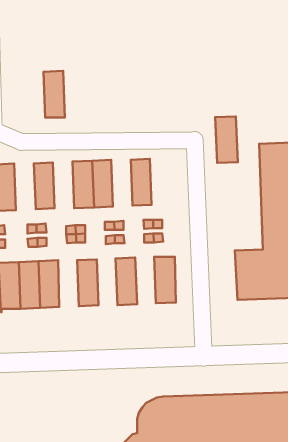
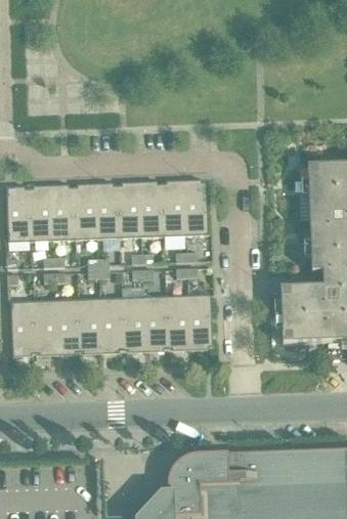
building: [43,71,65,118] -> [72,186,96,240]
building: [215,116,238,163] -> [182,182,208,235]
building: none -> [138,184,163,237]
building: none -> [28,188,52,242]
building: none -> [166,295,189,349]
building: none -> [122,297,145,350]
building: none -> [78,299,101,352]

